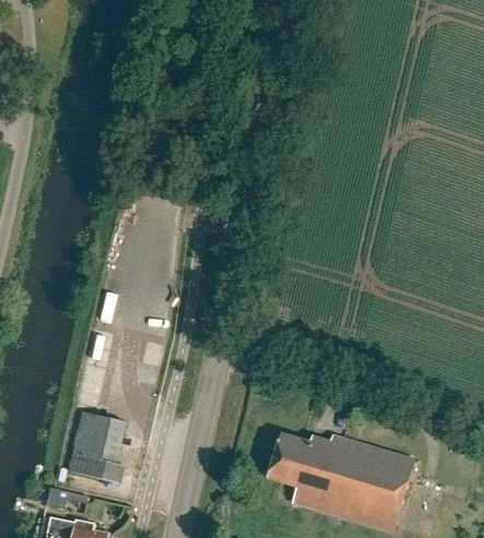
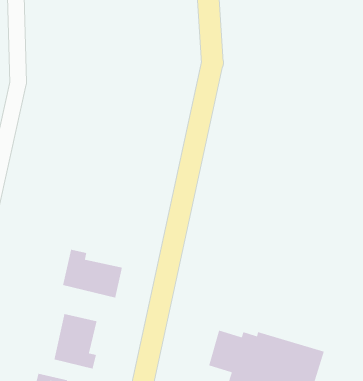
building: none -> [62,249,123,298]

